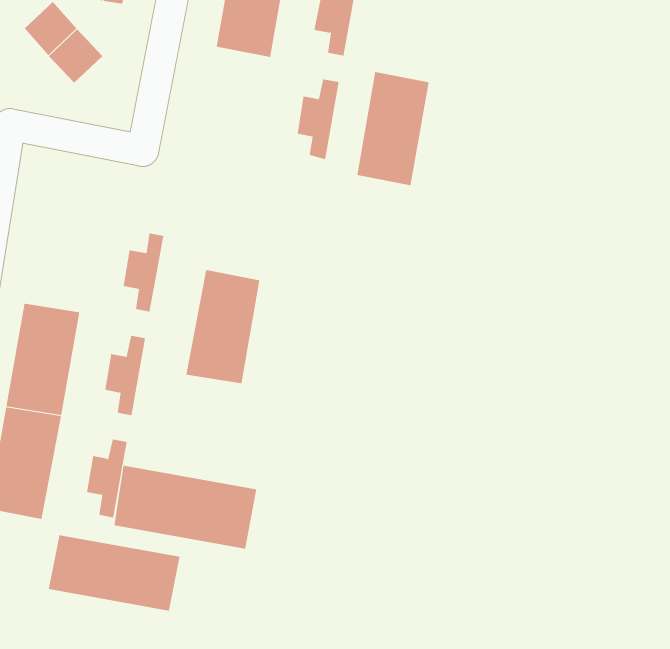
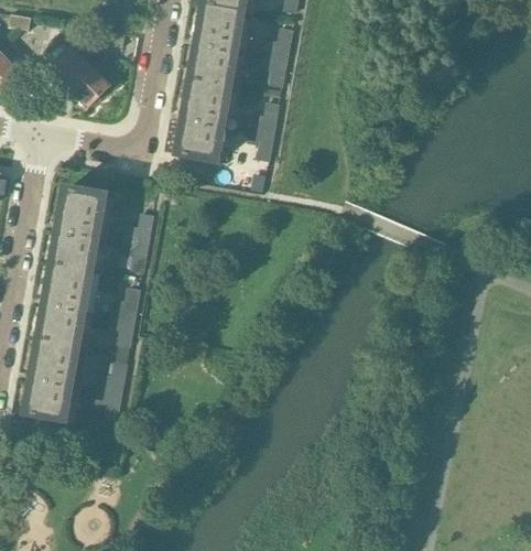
building: [356,71,430,186] -> [177,79,230,162]
building: [186,270,260,384] -> [52,188,106,271]
building: [114,465,257,549] -> none
building: [48,534,180,611] -> none

